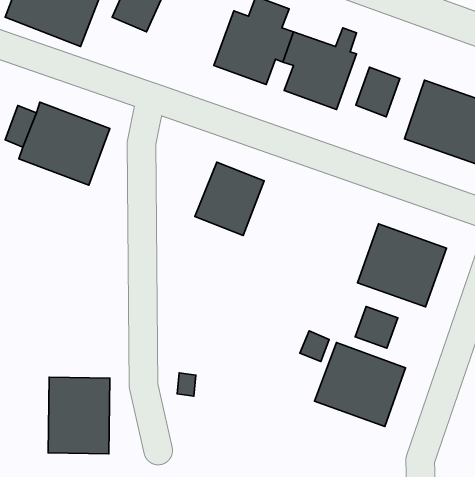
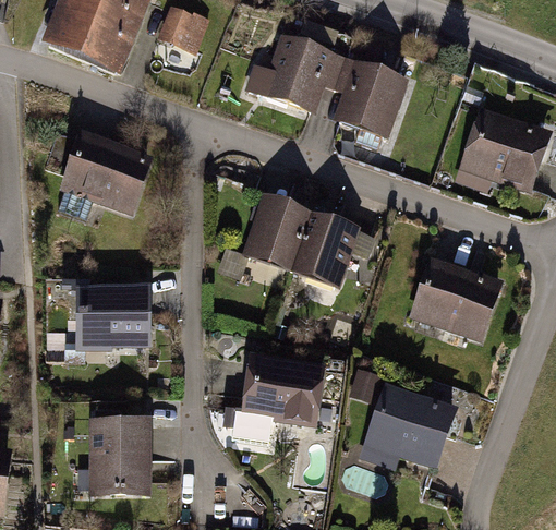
building: [356,67,400,117] -> none
building: none -> [290,213,360,288]
building: none -> [75,284,153,351]
building: [355,306,398,348] -> none
building: none -> [238,351,327,423]

